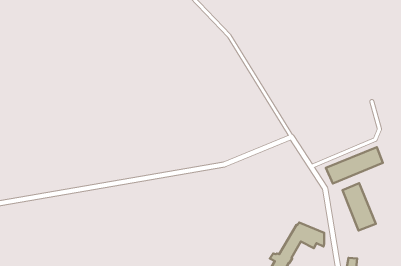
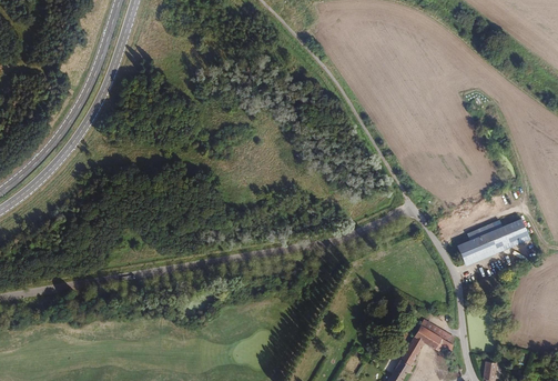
building: [342,183,376,230] -> none

